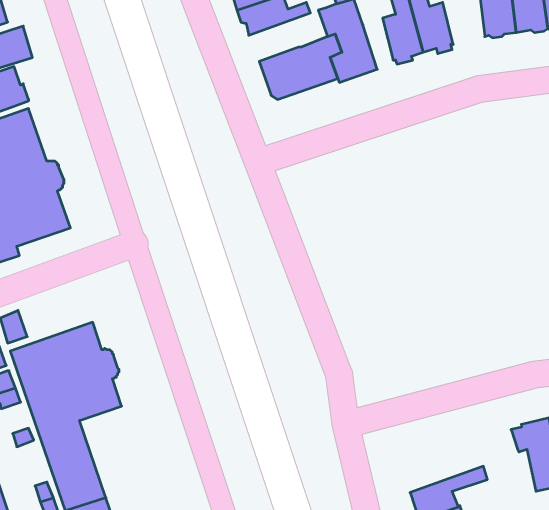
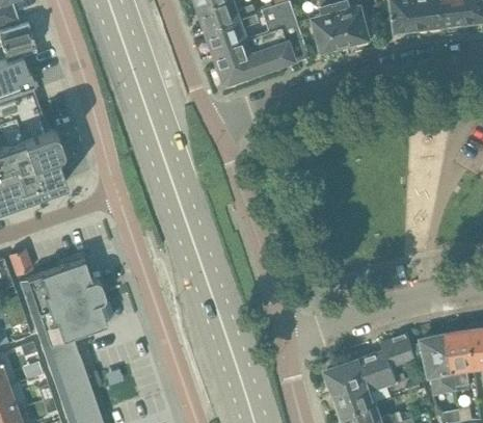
building: none -> [207,14,259,52]
building: none -> [326,335,414,394]

